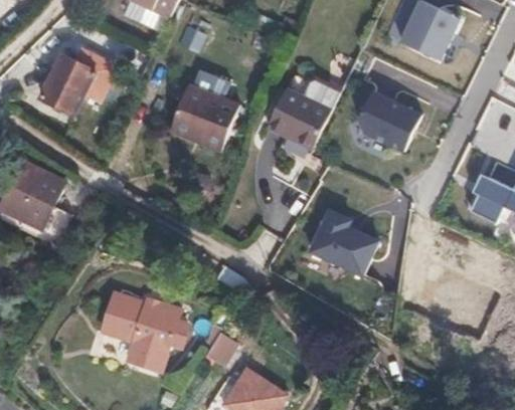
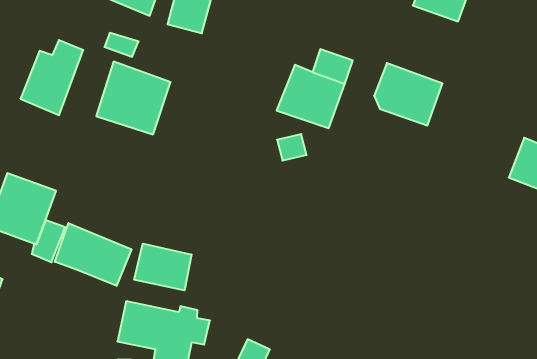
building: [170,82,239,151] -> [96,62,171,134]
building: none -> [55,223,132,286]
building: [307,212,374,277] -> none
building: none -> [134,244,192,290]

